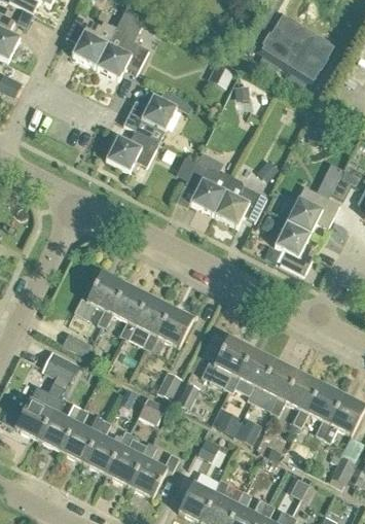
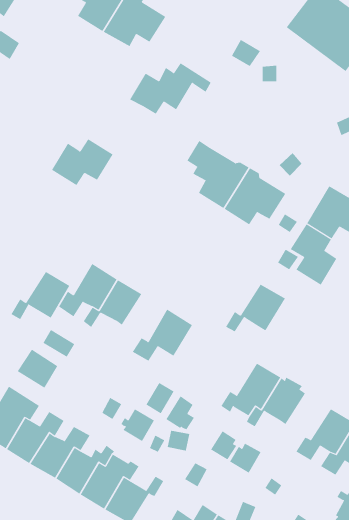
building: [105,130,158,172] -> [51,139,113,186]
building: [119,294,170,339] -> [10,271,70,320]
building: [200,336,252,380] -> [225,284,286,332]
building: [269,371,320,415] -> none

